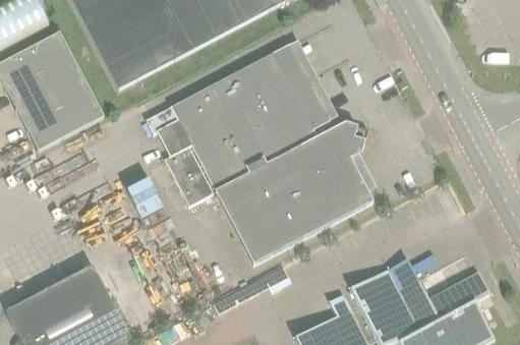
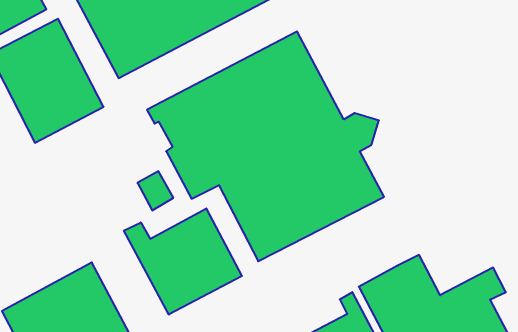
building: none -> [124,208,242,315]

